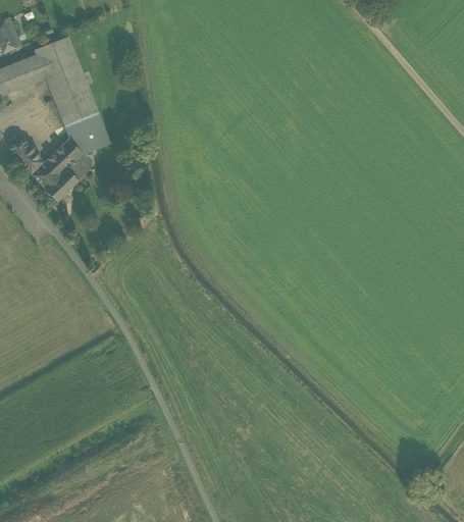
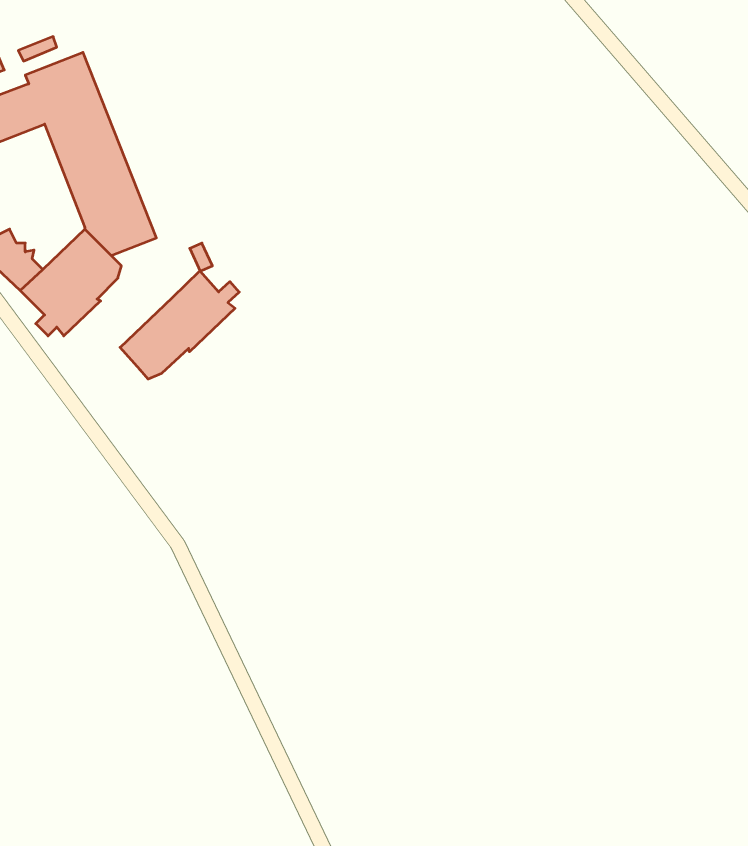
building: none -> [120,271,239,379]

